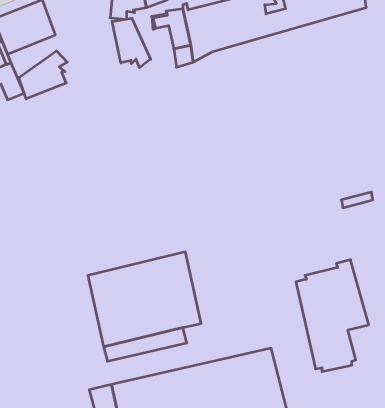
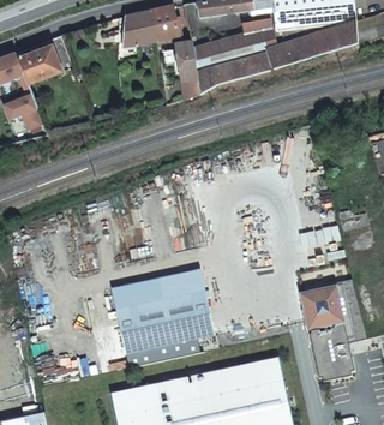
building: [112,18,151,68] -> none
building: [19,51,67,99] -> none

